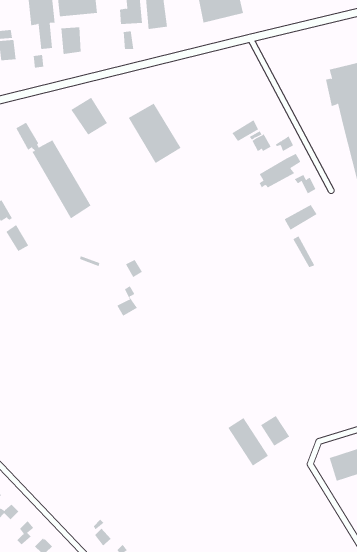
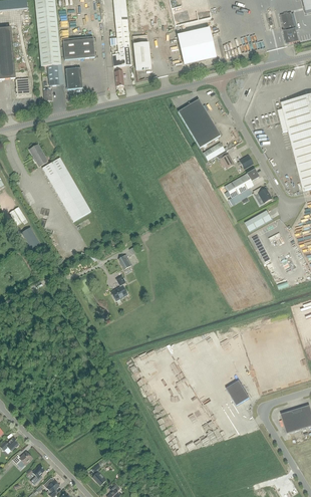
building: [71,97,108,135] -> none
building: [128,103,182,164] -> [178,98,221,148]
building: [227,417,269,466] -> none

